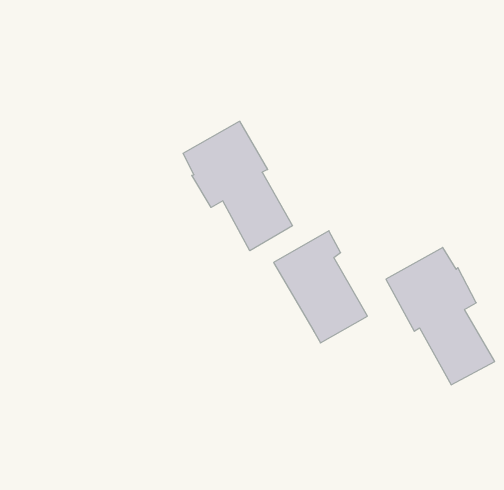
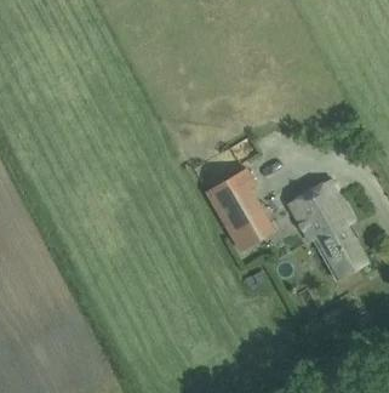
building: [183,121,292,251] -> none

